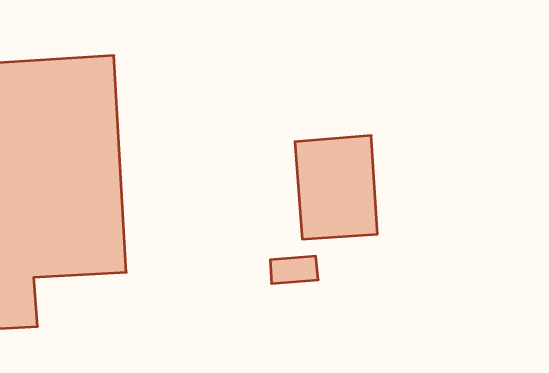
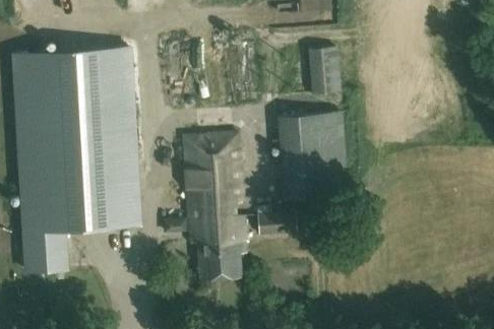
building: none -> [307,46,341,94]
building: none -> [183,133,246,278]

